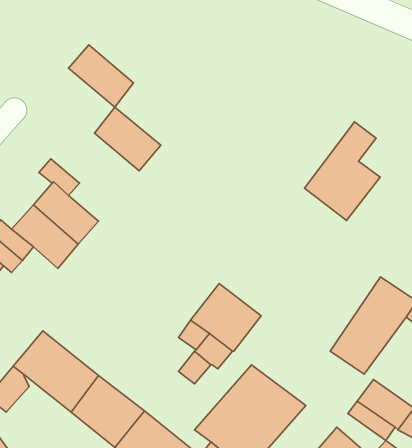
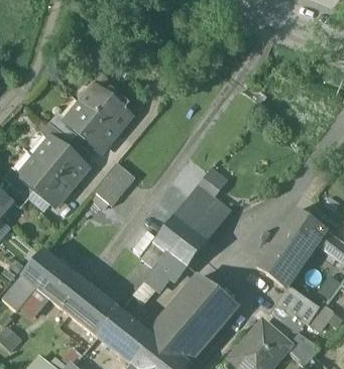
building: [69,45,134,107] -> [67,102,115,148]
building: [304,122,380,221] -> [175,164,231,238]
building: none -> [93,160,134,204]

